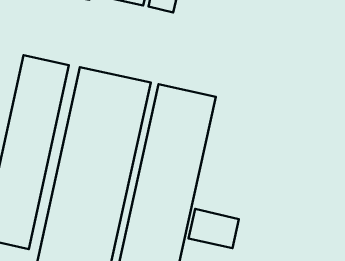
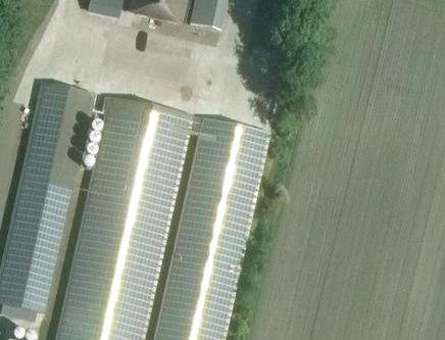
building: [189,209,239,248] -> none

